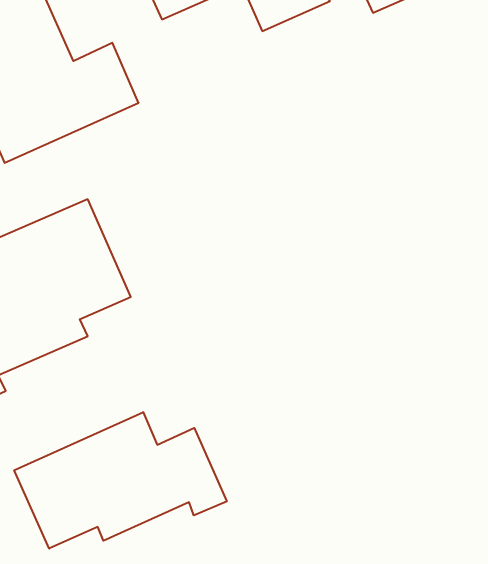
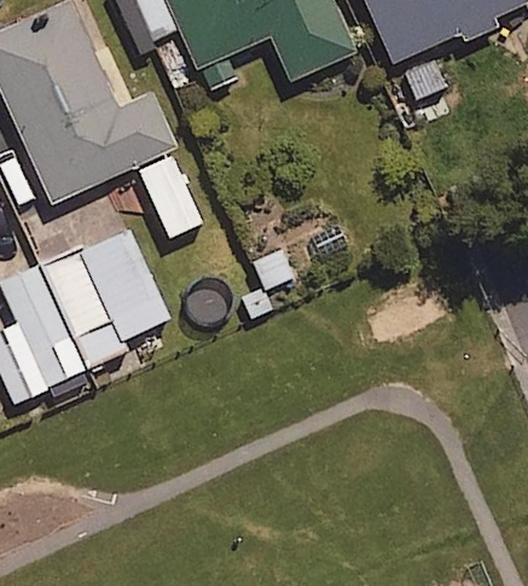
building: [14,412,227,549] -> none

